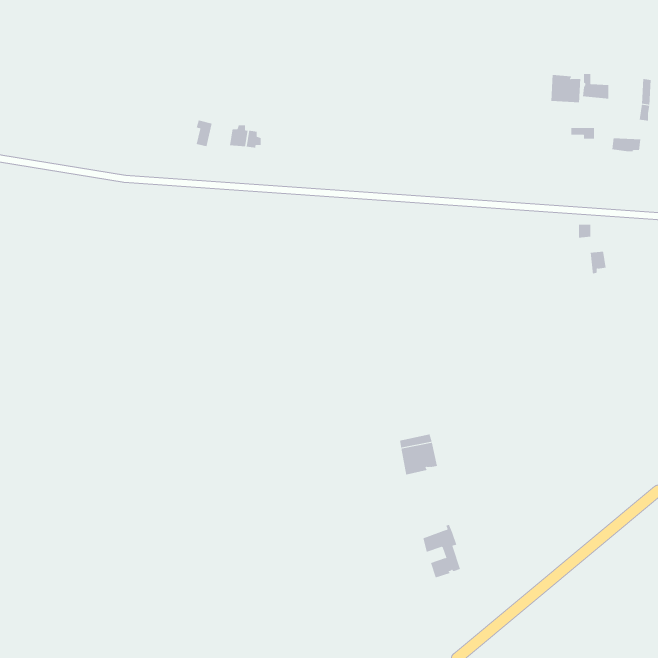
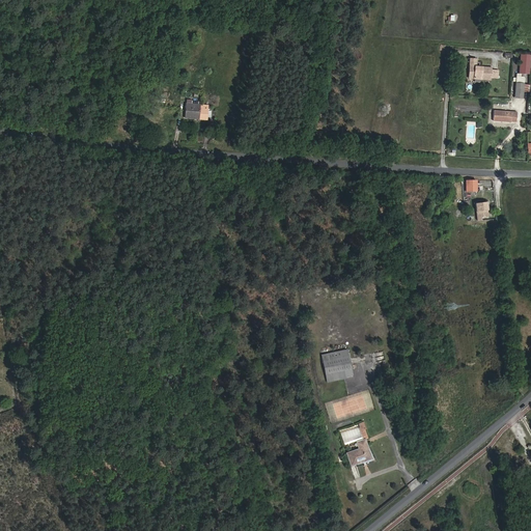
building: [551,74,581,103] -> none

